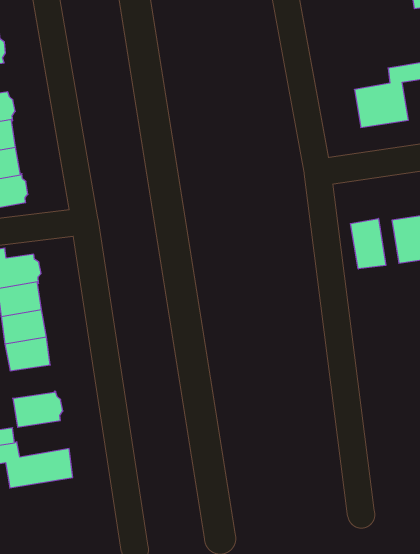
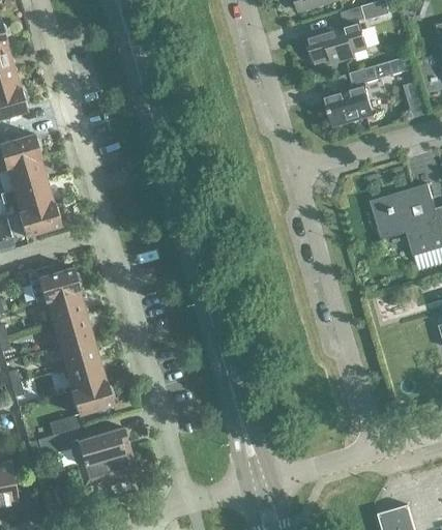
building: none -> [306,20,367,63]
building: [350,218,386,269] -> none
building: none -> [65,358,105,390]
building: none -> [78,450,136,485]

